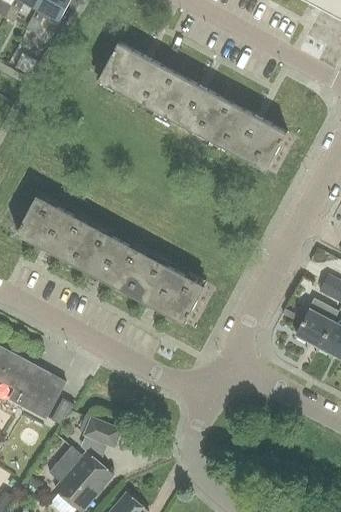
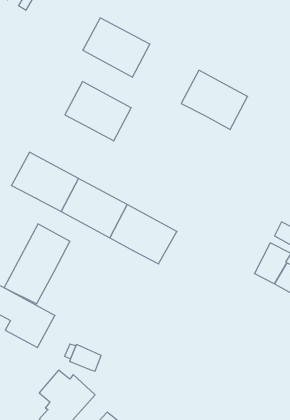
building: [155,72,231,140] -> [65,82,131,141]
building: none -> [4,224,70,304]

